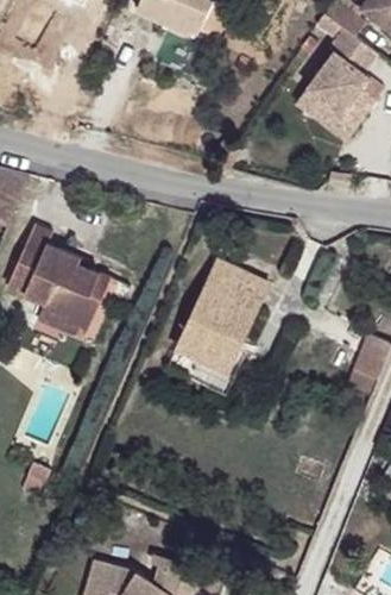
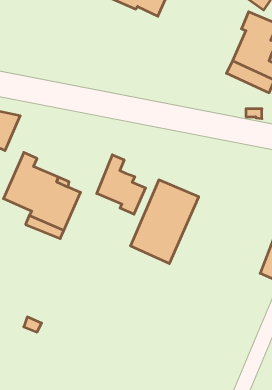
building: none -> [97,155,146,214]

